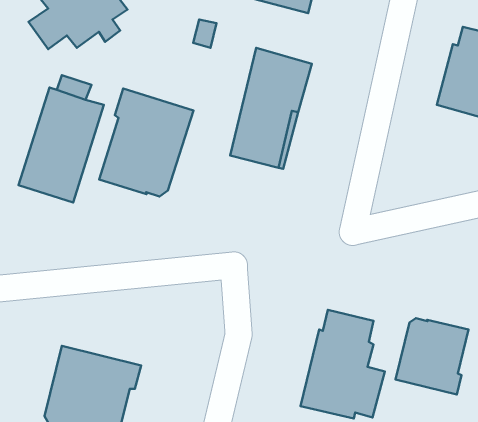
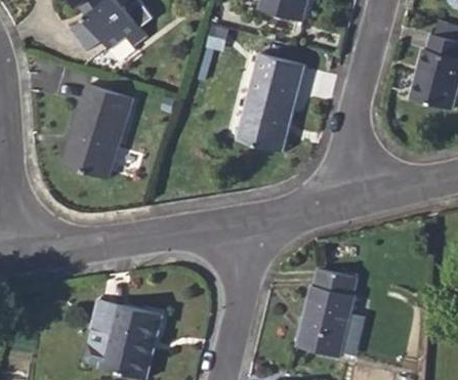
building: [99,88,193,196] -> none
building: [395,318,469,394] -> none

